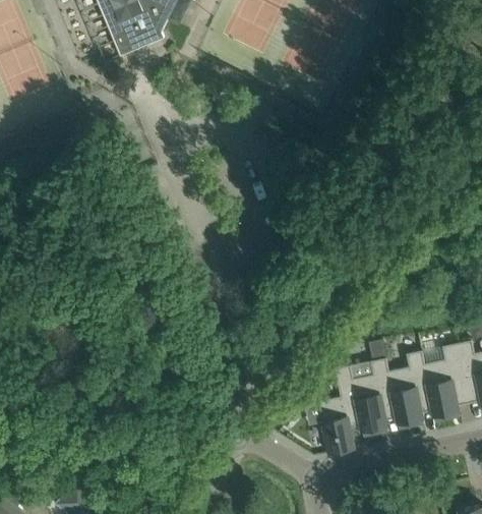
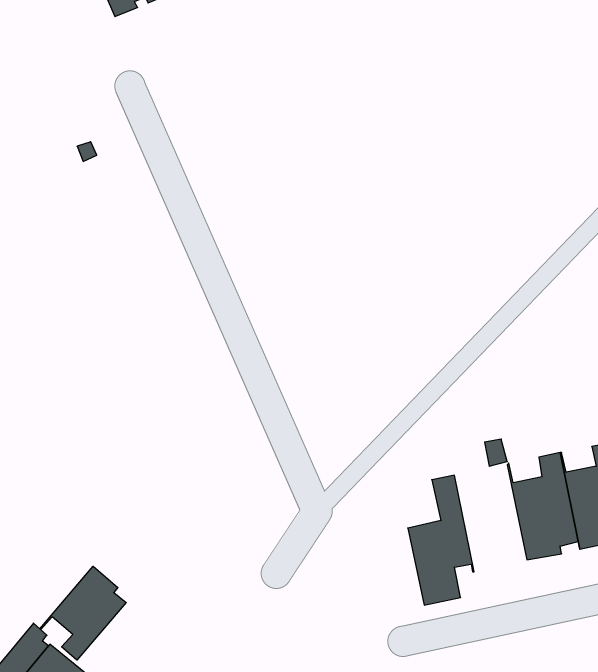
building: [351,360,400,433] -> none
building: none -> [40,566,126,660]

